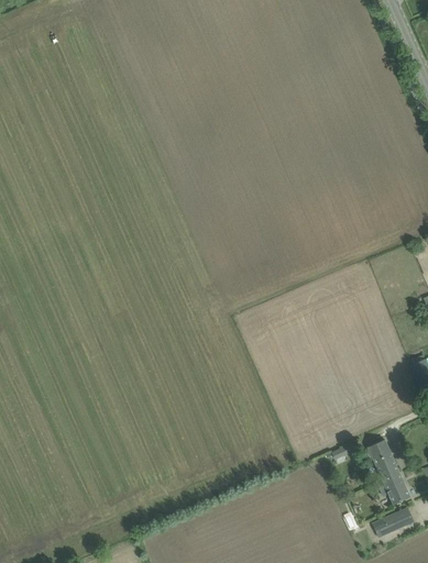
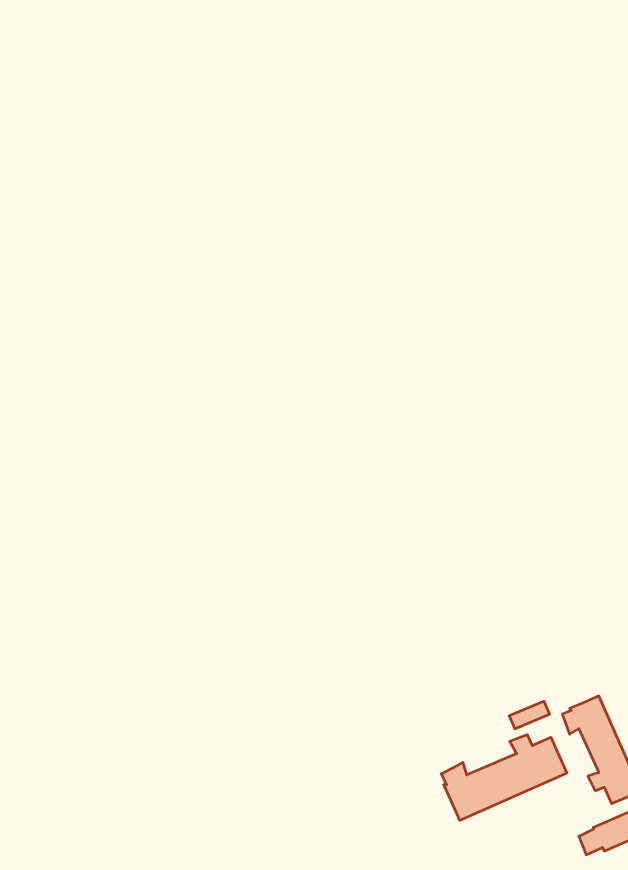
building: none -> [441,735,567,820]

